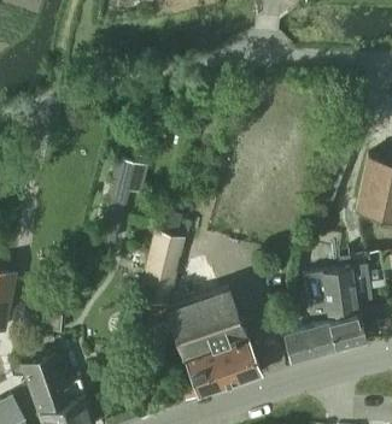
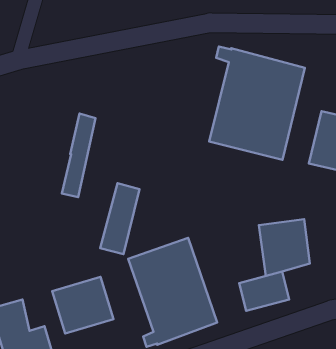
building: none -> [209,47,305,160]
building: [328,314,364,352] -> none
building: none -> [52,277,113,333]

